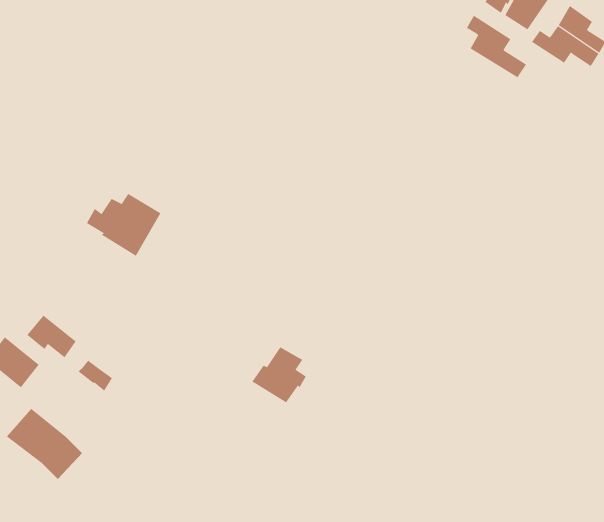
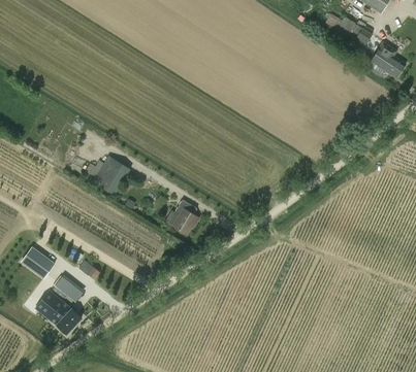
building: [466,15,527,78] -> none
building: [26,315,76,358] -> [54,274,85,301]
building: [252,347,306,403] -> [165,199,199,234]

